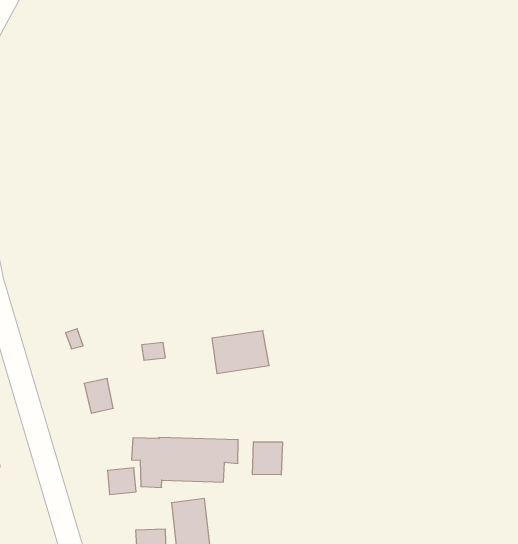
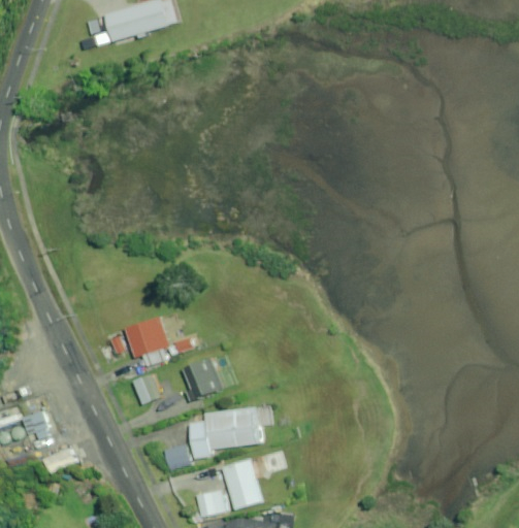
building: none -> [124,316,169,366]
building: [212,331,269,374] -> [183,356,234,398]
building: [253,442,282,475] -> none

